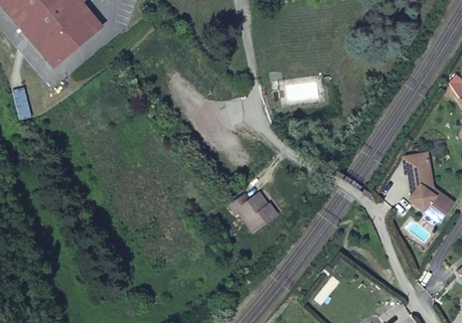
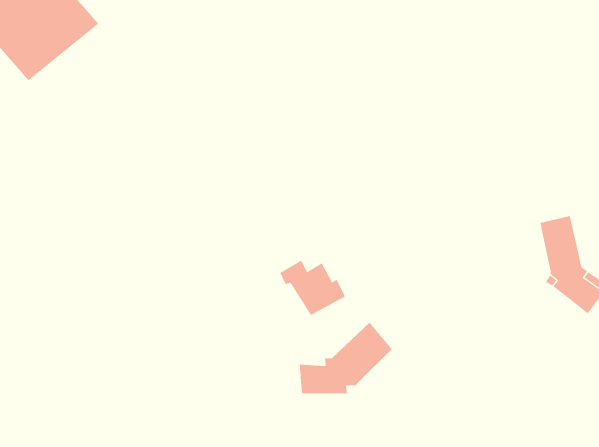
building: none -> [299,322,393,394]

